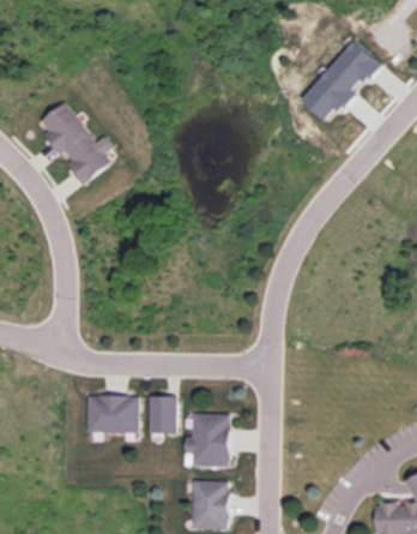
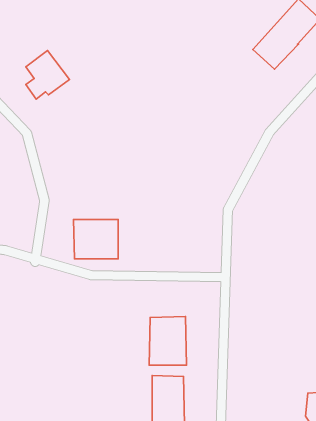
building: [70,133,117,190] -> none
building: [147,390,174,436] -> none
building: [84,392,135,438] -> [73,219,118,259]

